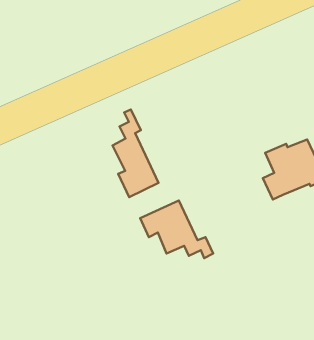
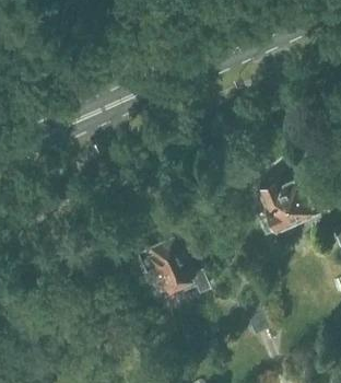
building: [112,109,158,197] -> none

